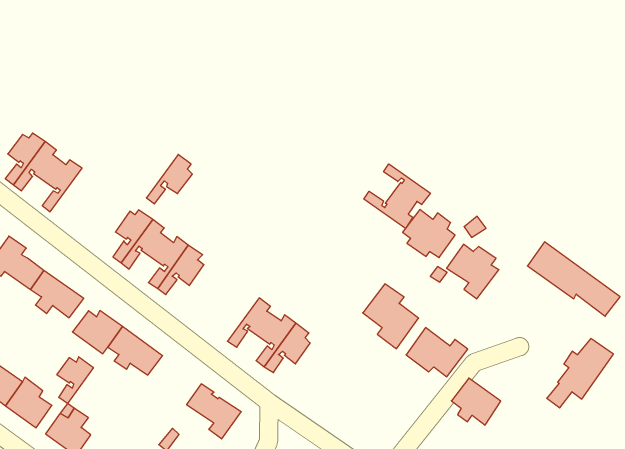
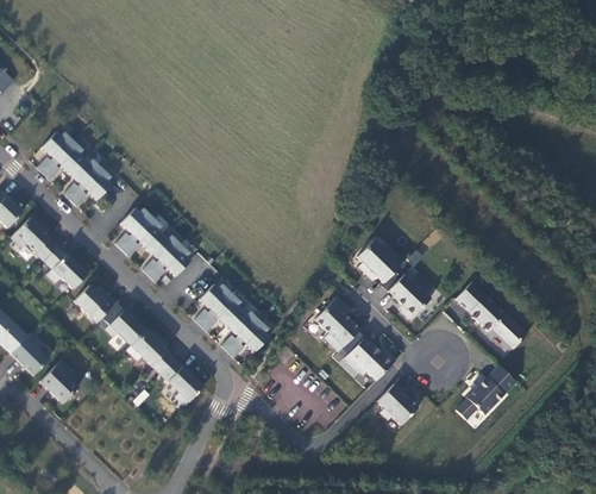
building: [146,154,192,204] -> [69,168,109,206]
building: [364,164,430,228] -> none
building: none -> [194,284,231,326]
building: none -> [126,326,174,374]
building: [57,357,93,403] -> none

